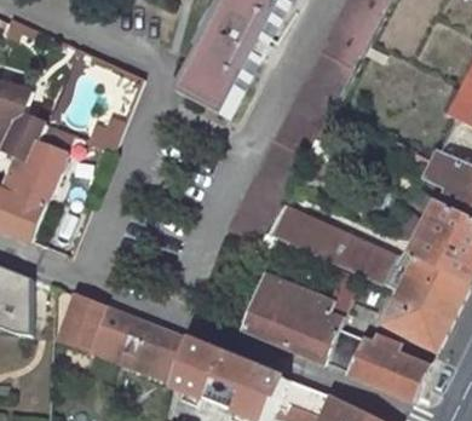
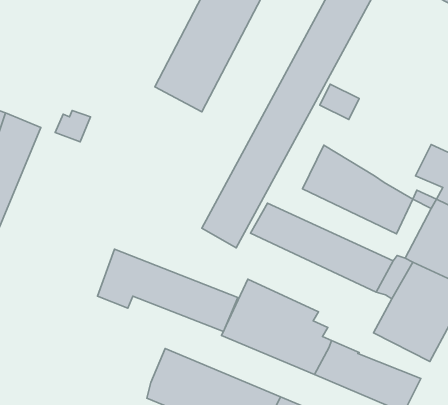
building: none -> [302,145,413,234]
building: [59,293,189,369] -> [98,249,238,332]

